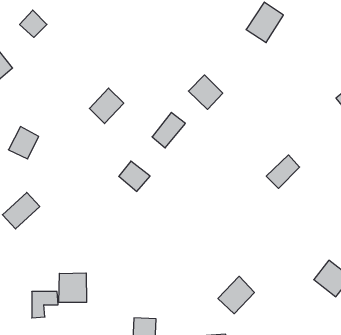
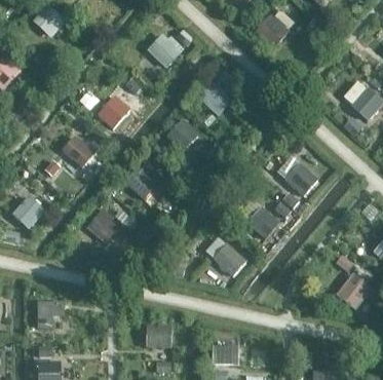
building: none -> [146,30,181,65]
building: [8,127,39,159] -> [58,135,88,167]
building: none -> [248,202,285,239]
building: none -> [83,211,116,243]
building: [59,273,87,302] -> none
building: [218,276,254,314] -> [210,240,247,278]

